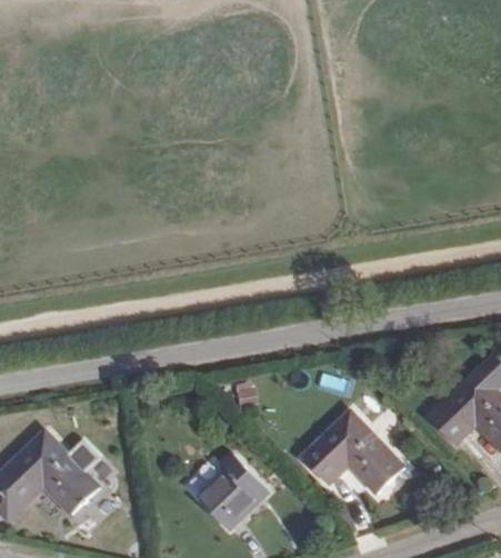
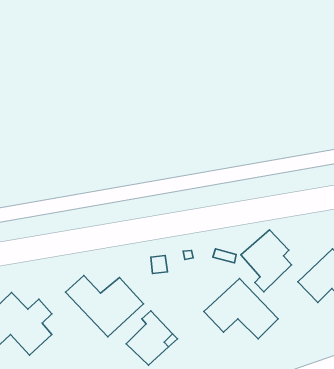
building: none -> [241,230,292,292]
building: none -> [66,275,143,337]

